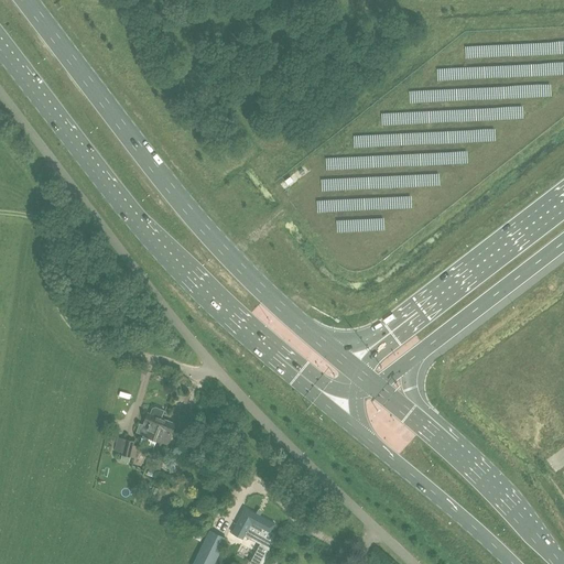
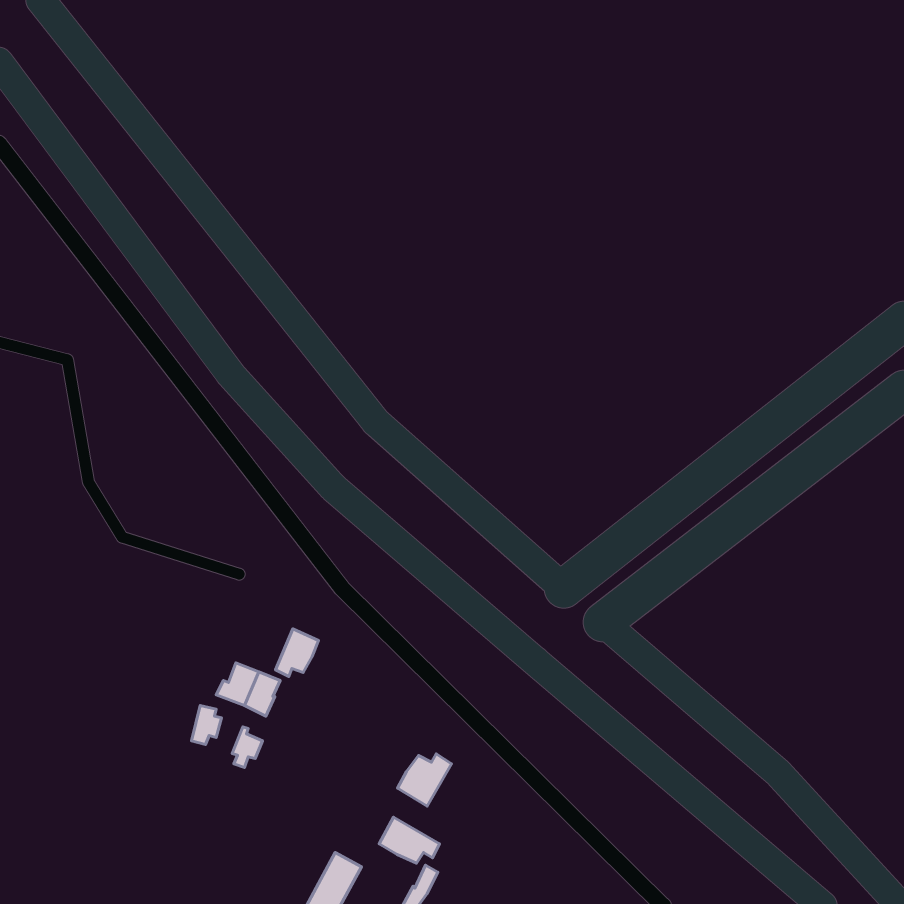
building: none -> [275,629,318,676]
building: none -> [397,754,452,806]

